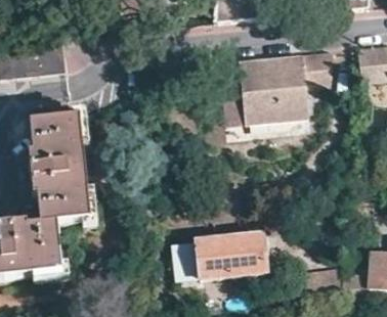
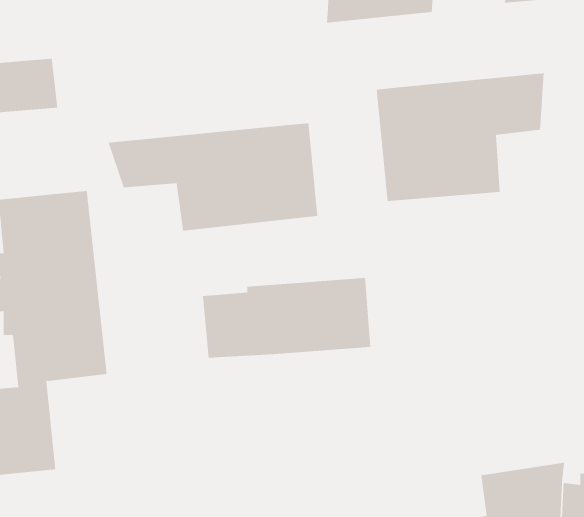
building: none -> [108,123,318,231]
building: [172,234,266,279] -> [202,277,371,358]

